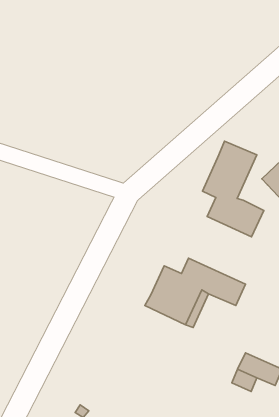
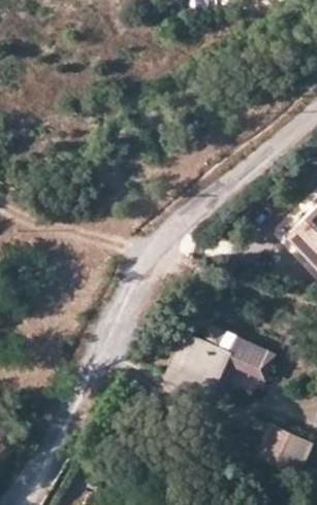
building: [203,141,264,237] -> none

